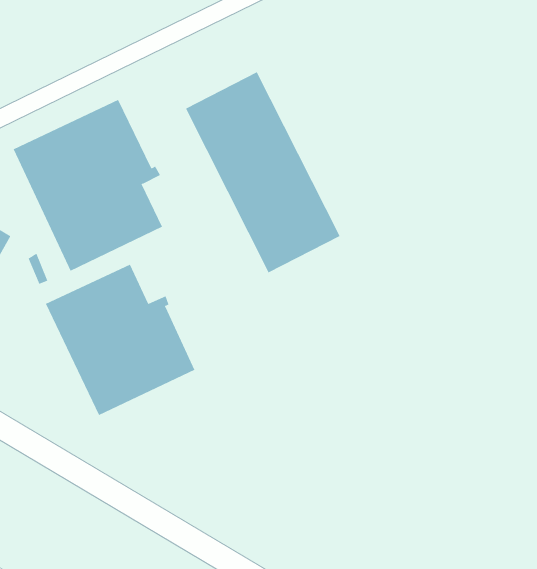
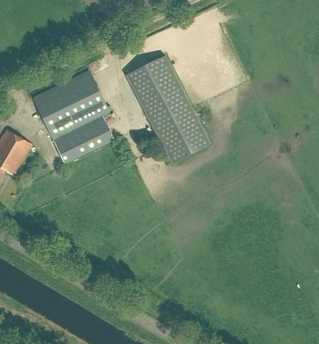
building: [45,264,195,416] -> none

